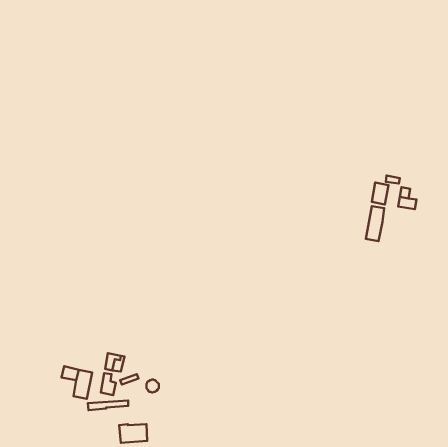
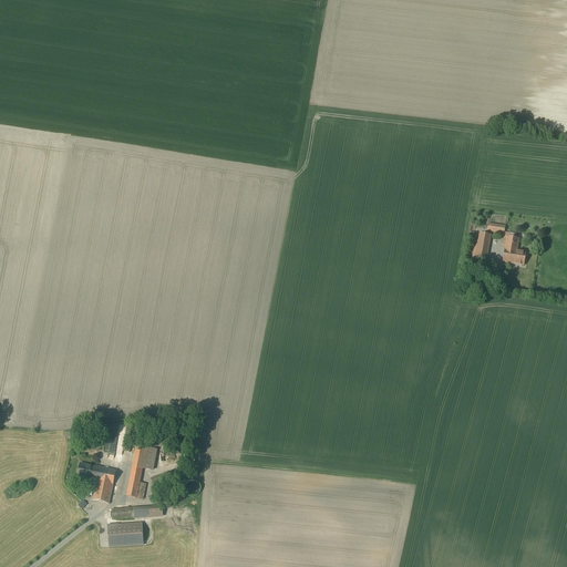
building: [366,206,384,241] -> none
building: [119,424,147,443] -> [107,523,143,546]

